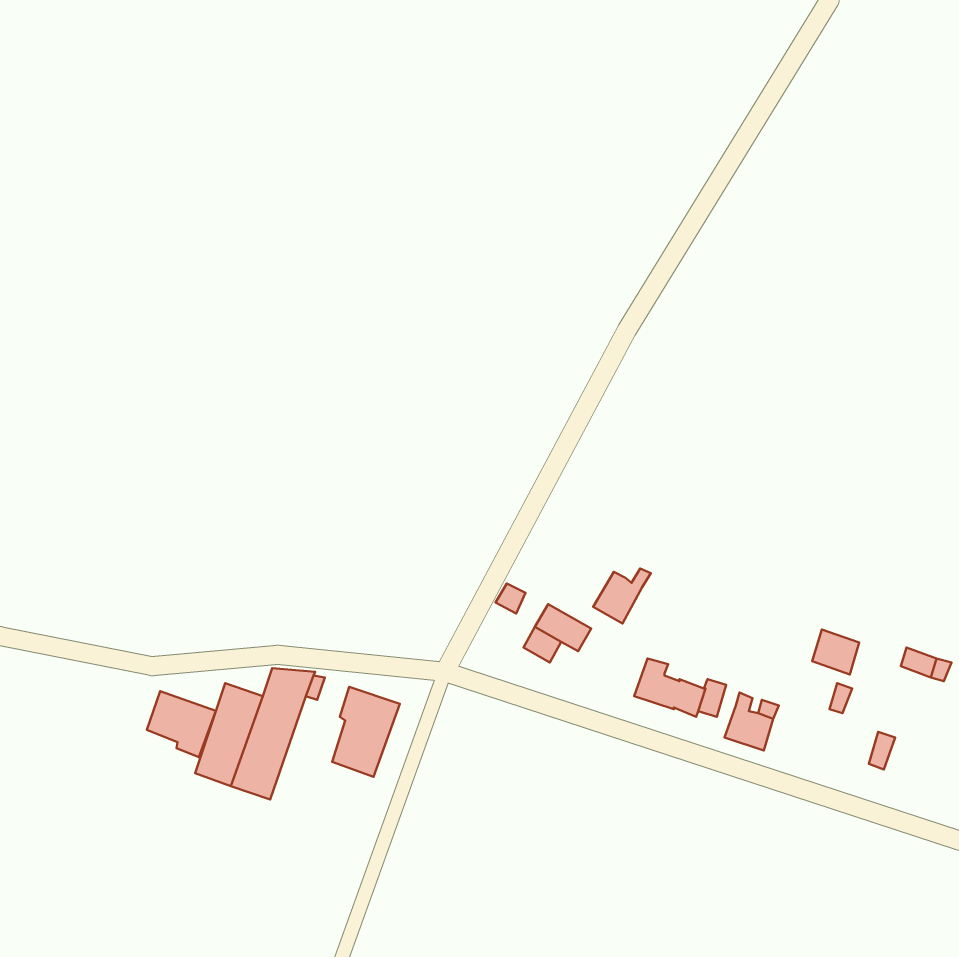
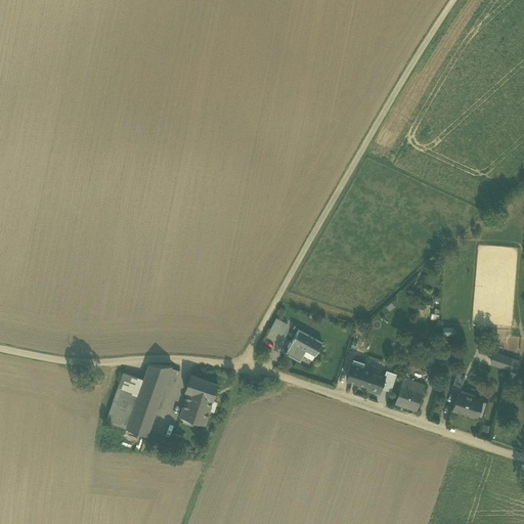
building: [593,569,651,623] -> none
building: [812,629,859,674] -> [453,393,479,418]
building: [147,691,216,757] -> none

